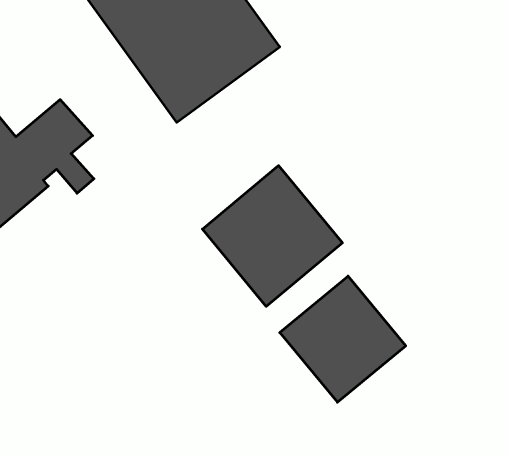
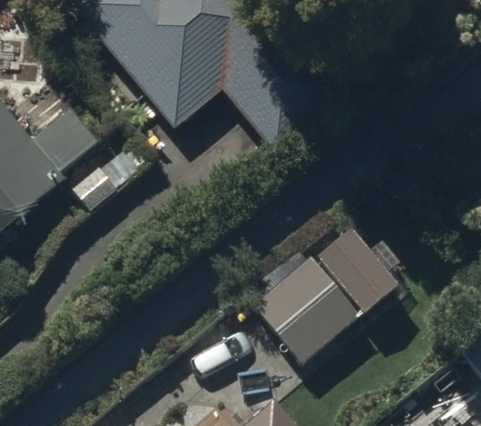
building: [202,166,342,306] -> none

